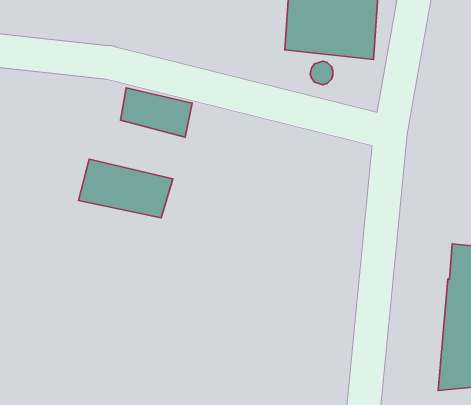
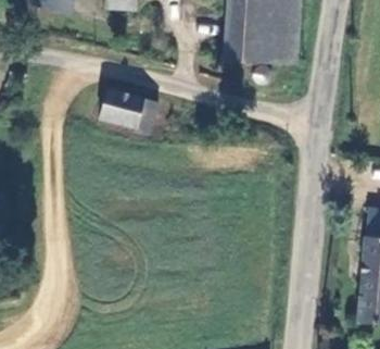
building: [79,159,173,218] -> none

